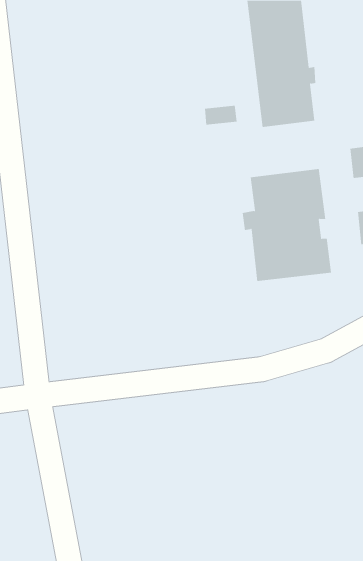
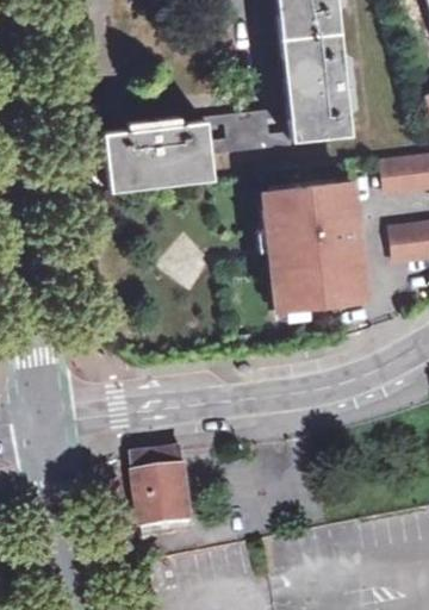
building: none -> [101,118,209,188]
building: none -> [132,452,192,529]

